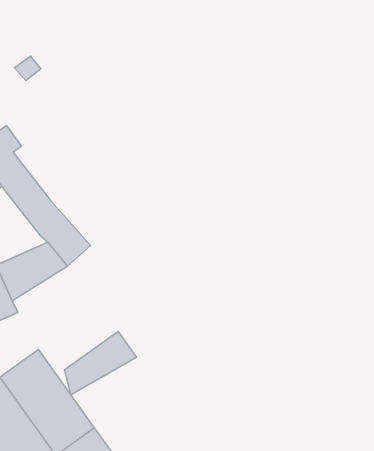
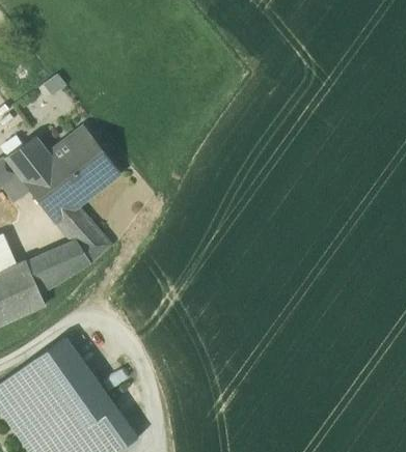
building: none -> [42,126,118,204]
building: [64,332,136,395] -> none

